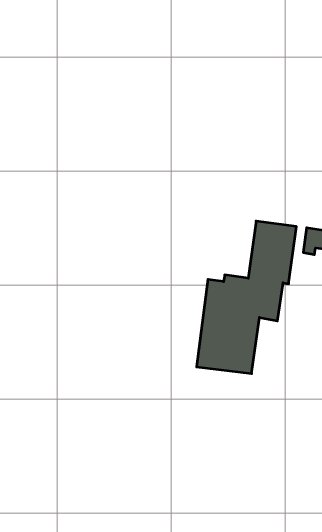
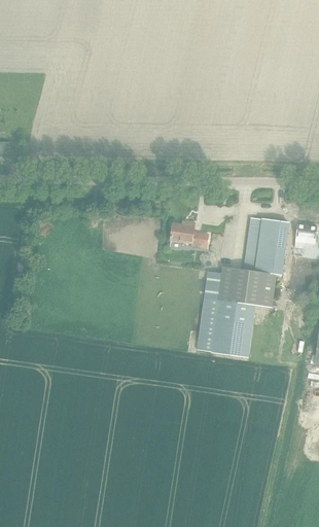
building: none -> [169,220,209,247]

